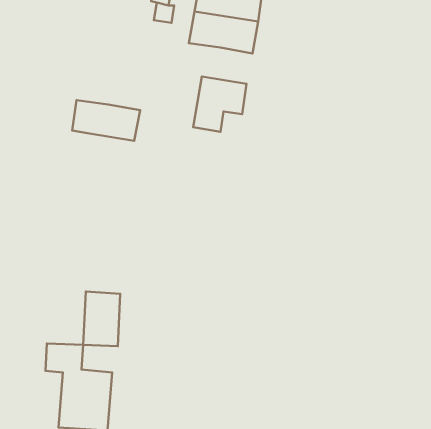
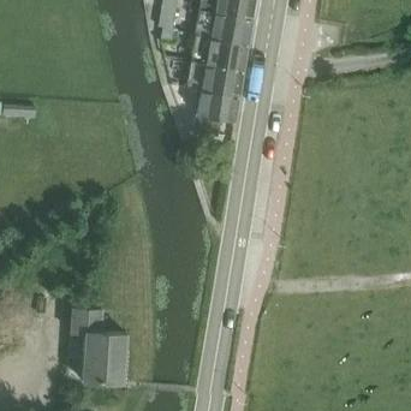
building: [72,100,140,141] -> [186,64,243,97]
building: [83,291,120,346] -> none

